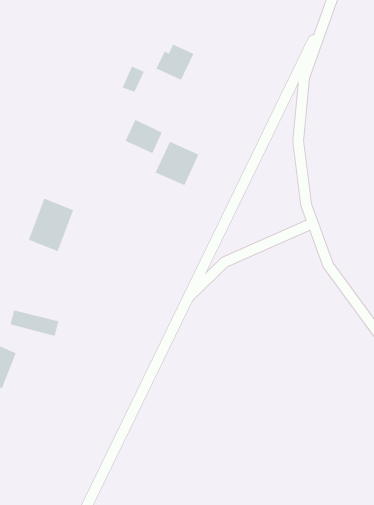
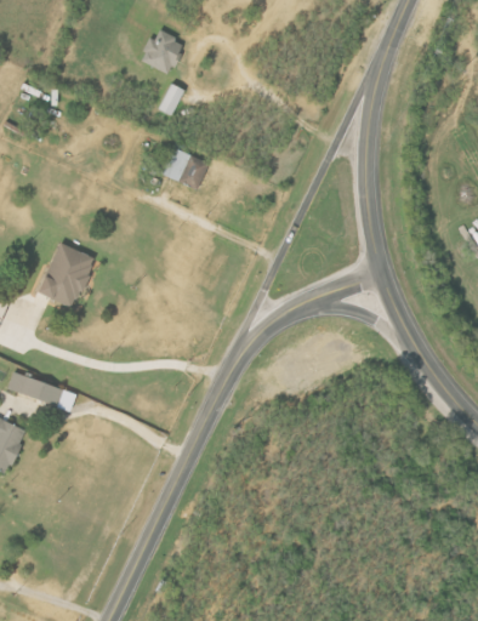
building: [155,44,195,81] -> [133,29,181,74]
building: [155,141,200,186] -> none

